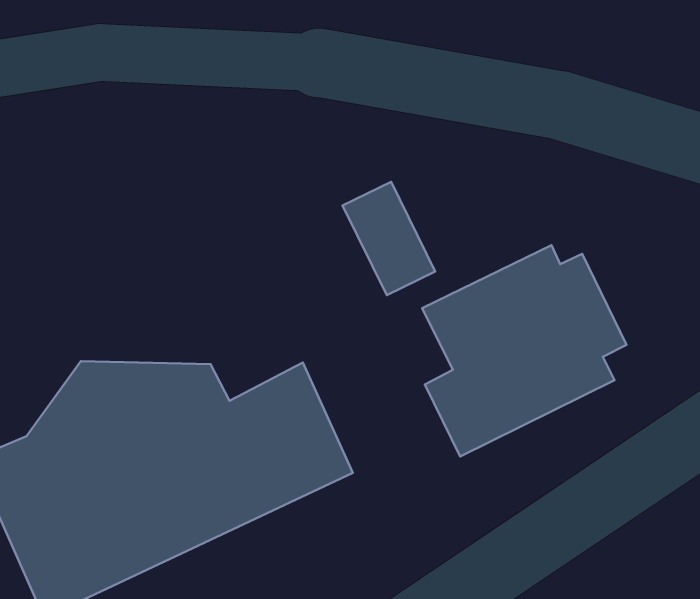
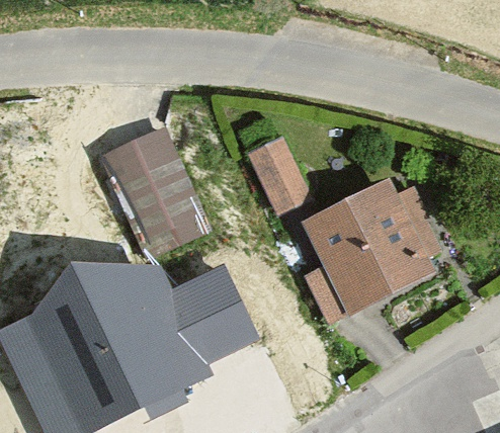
building: none -> [99,127,211,260]

